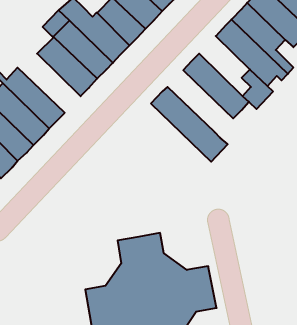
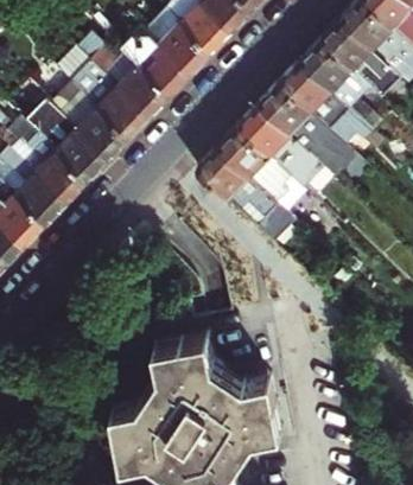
building: none -> [258,84,324,161]
building: none -> [25,102,106,183]
building: none -> [217,128,305,215]

